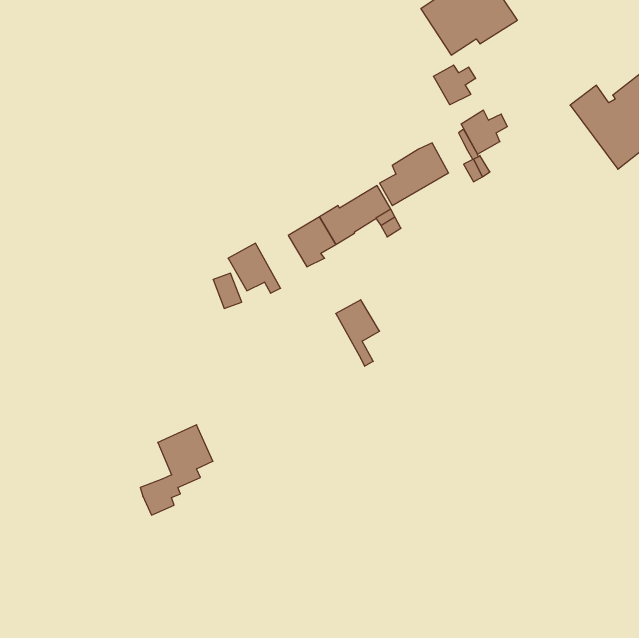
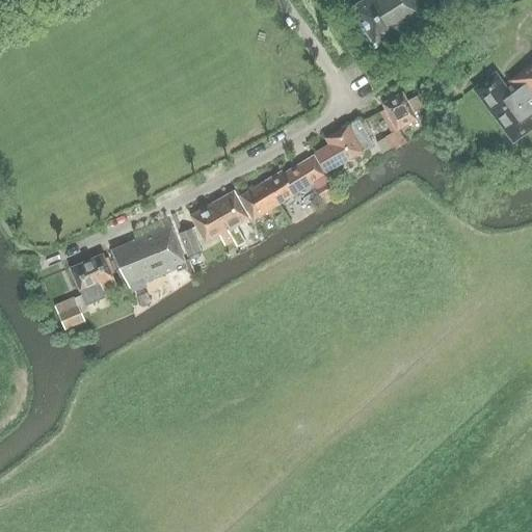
building: [433,65,476,105] -> none
building: none -> [111,224,187,290]
building: [336,300,380,366] -> [213,190,249,245]
building: [140,425,213,515] -> [56,252,116,327]

